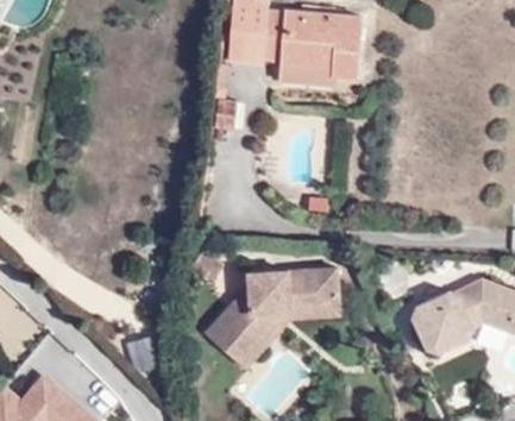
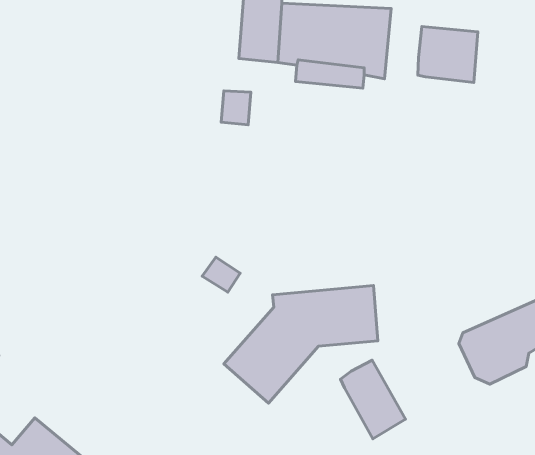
building: none -> [418,26,478,82]
building: none -> [340,360,406,439]

